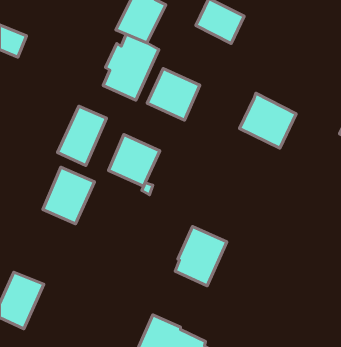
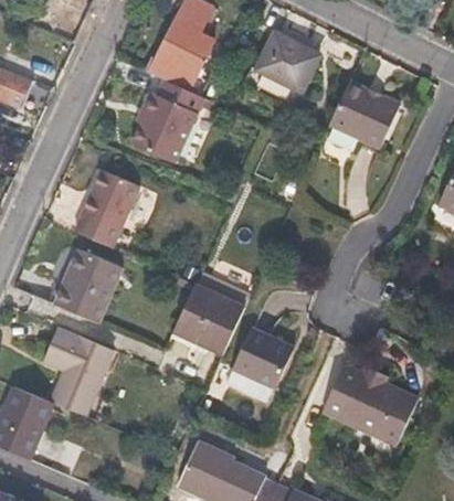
building: [147,69,200,120] -> none
building: [240,93,296,148] -> [324,77,397,148]
building: [108,134,160,186] -> [176,286,242,352]
building: none -> [44,328,112,413]
building: none -> [321,364,419,446]

